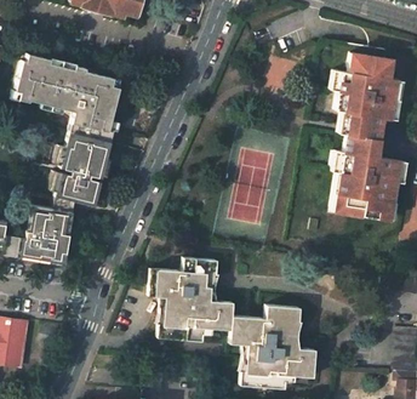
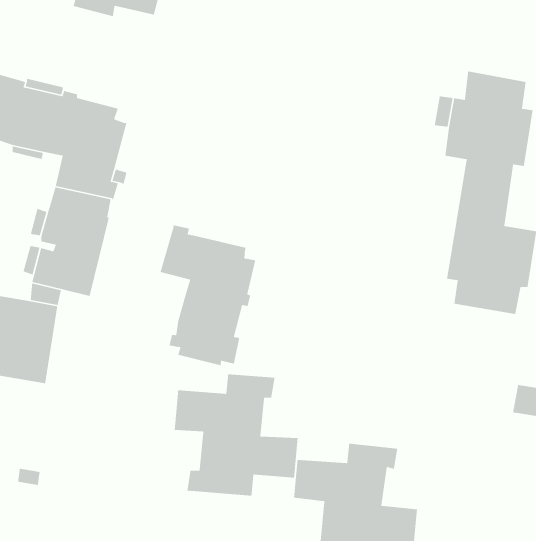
building: none -> [159,224,256,366]

